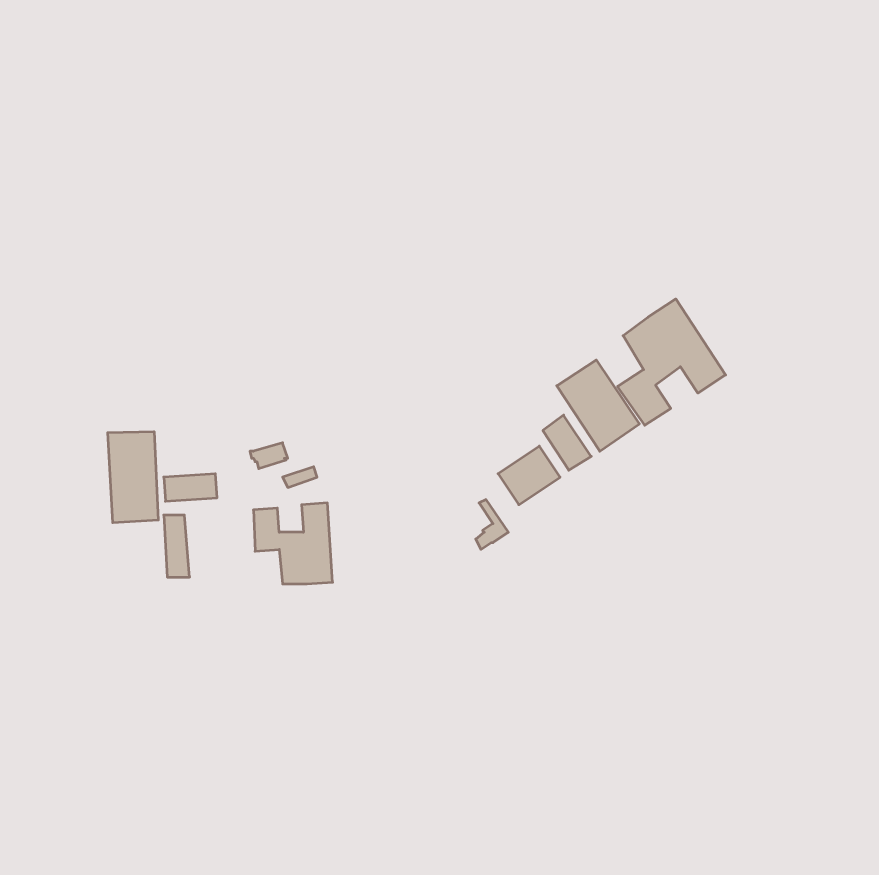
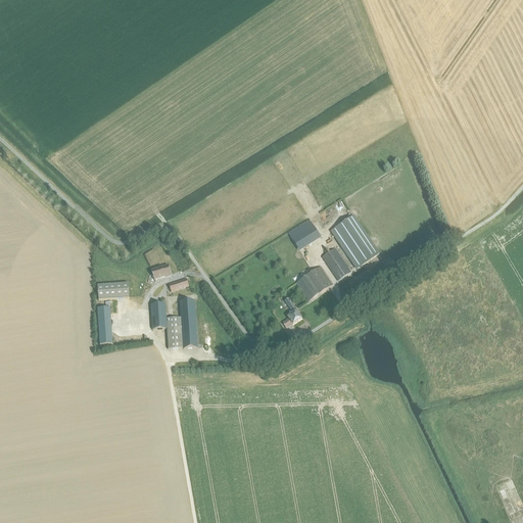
building: [618,299,726,425] -> none
building: none -> [287,218,321,250]
building: [108,432,158,523] -> none

